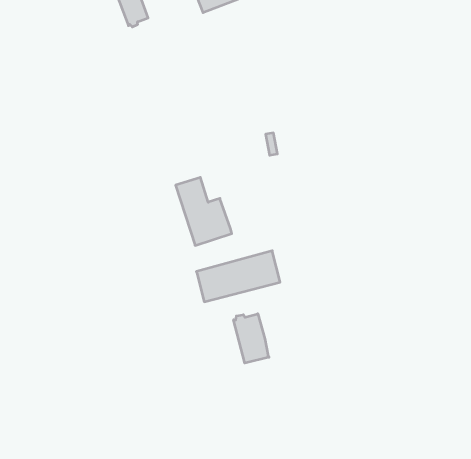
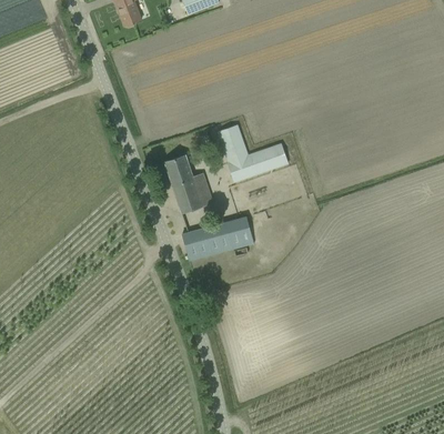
building: none -> [215,123,287,182]
building: [234,314,269,363] -> none

